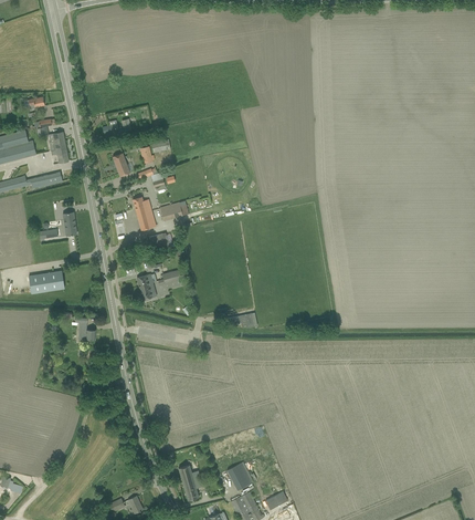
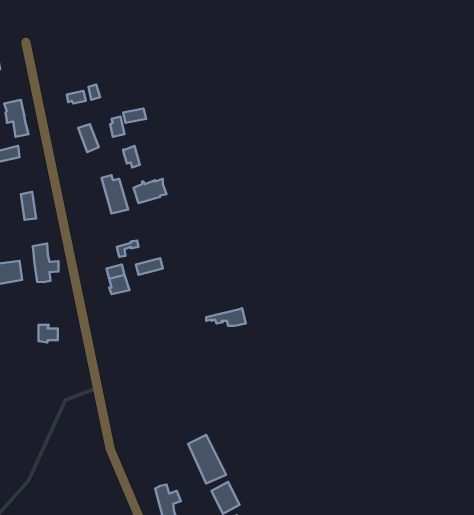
building: none -> [33,243,59,282]
building: none -> [188,435,226,483]

